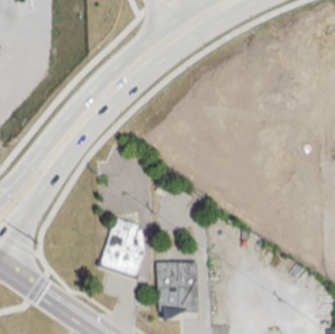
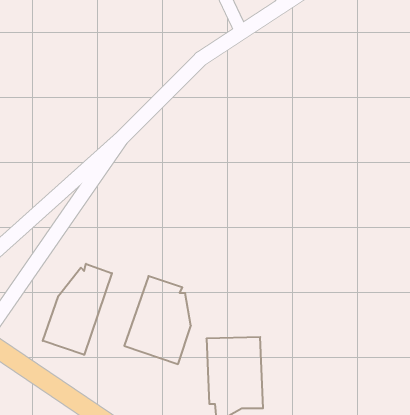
building: none -> [43,264,112,355]

